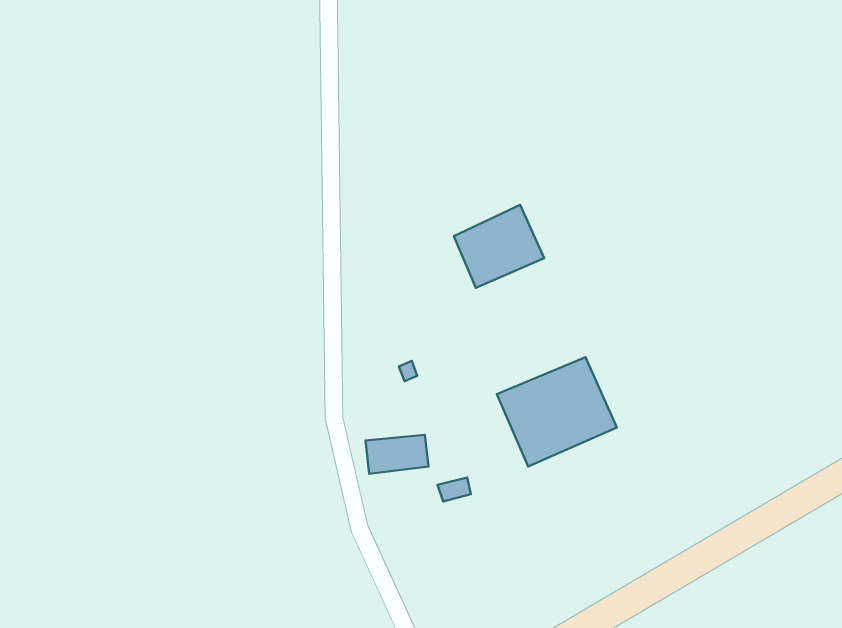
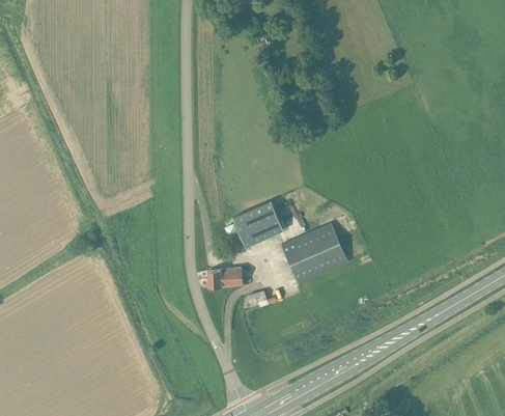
building: [454,205,544,288] -> [233,200,284,247]

